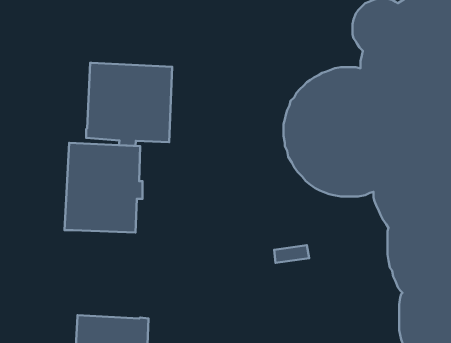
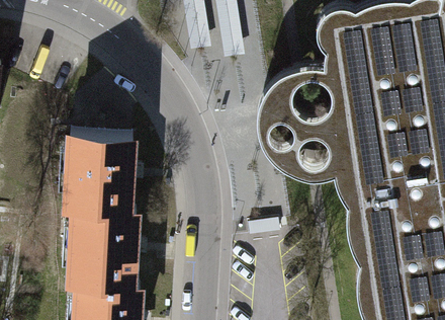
building: [86,63,172,146] -> none
building: none -> [70,202,139,278]

